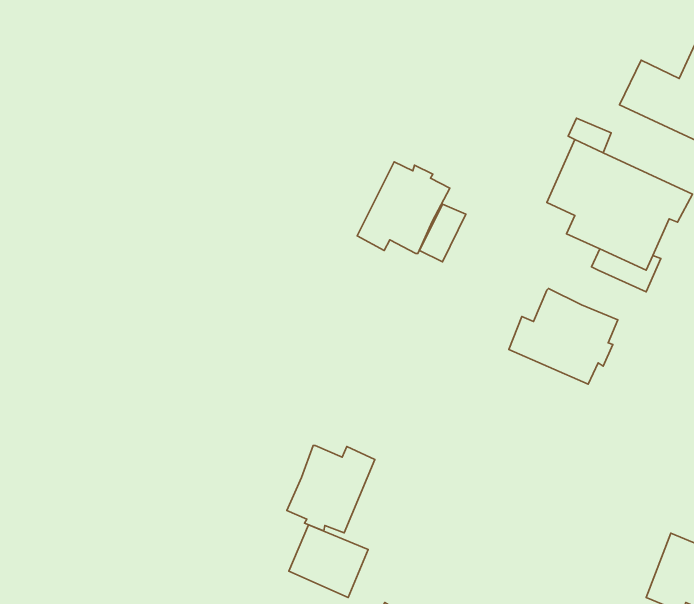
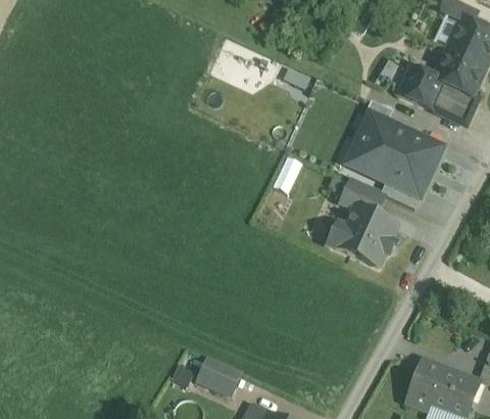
building: [357,162,450,254] -> none
building: none -> [341,179,385,216]
building: [287,446,375,533] -> none

